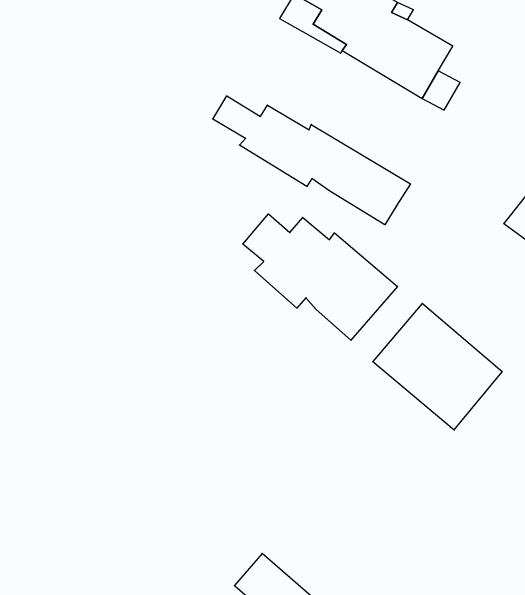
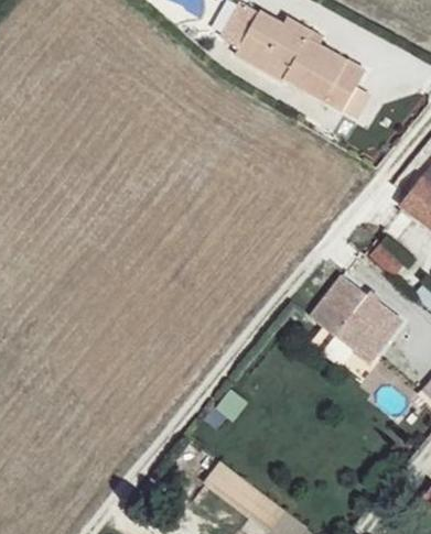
building: [213,96,410,225] -> none
building: [243,214,398,340] -> none

